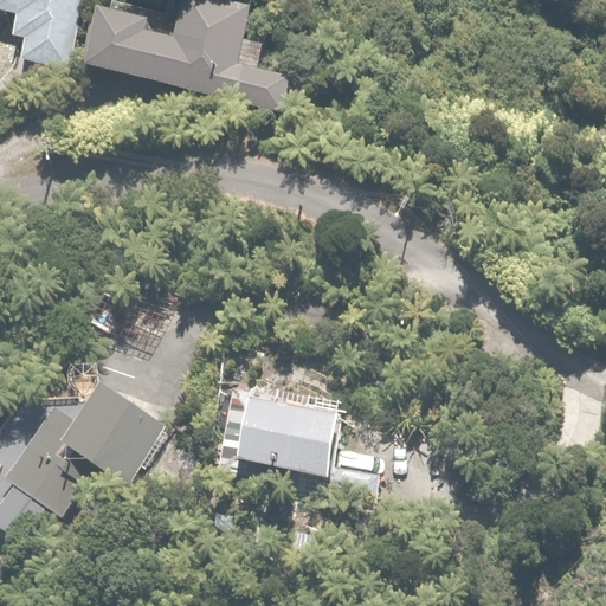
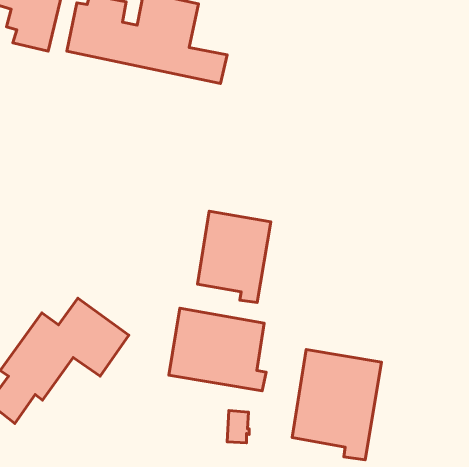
building: none -> [197,211,271,302]
building: none -> [292,349,381,460]

